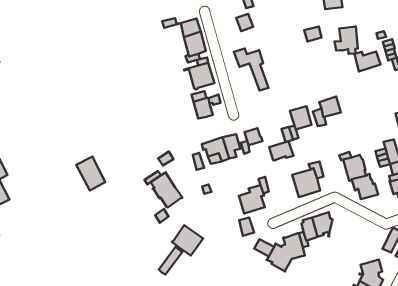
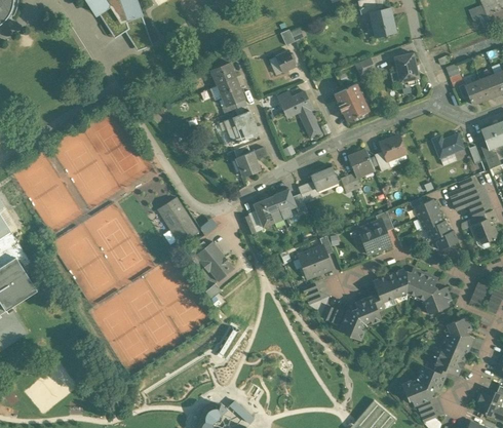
building: none -> [334,83,370,121]
building: [354,52,380,71] -> [432,133,463,158]
building: [269,141,293,160] -> [310,166,339,190]
building: [76,157,105,191] -> [162,204,197,243]
building: none -> [407,268,451,314]
building: [172,225,203,255] -> none

